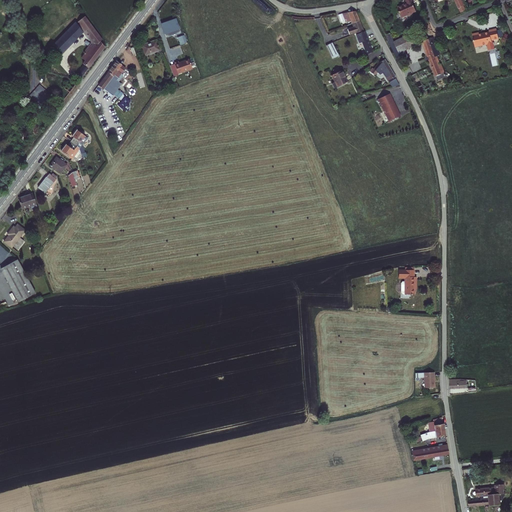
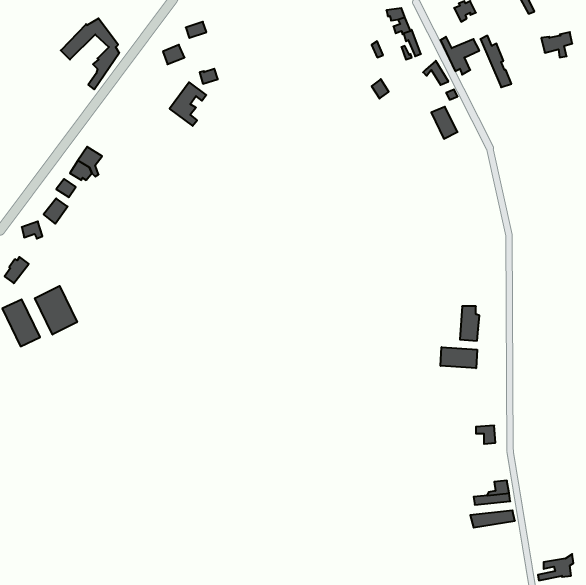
building: [99,60,131,98] -> [170,82,206,126]
building: none -> [35,286,77,335]
building: none -> [441,347,477,368]

